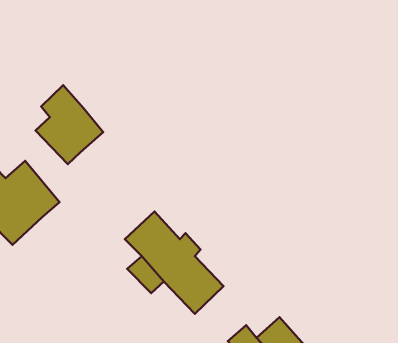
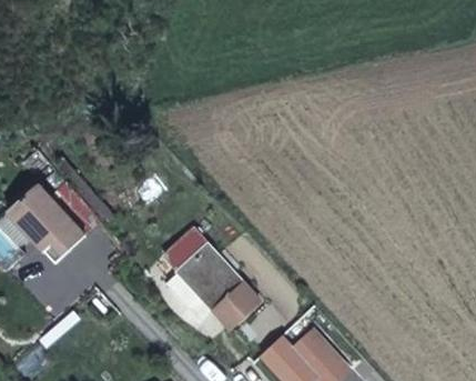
building: [36,85,103,164] -> none

